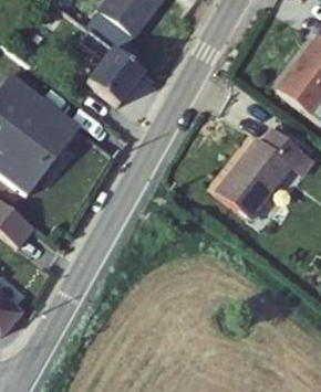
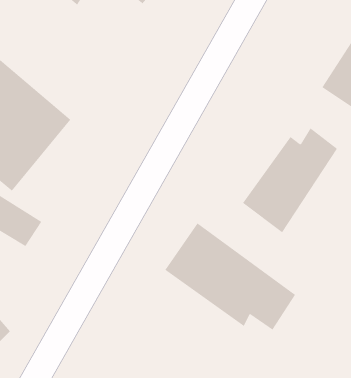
building: [80,32,143,99] -> none
building: none -> [164,222,296,331]

